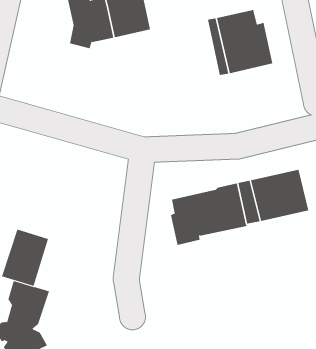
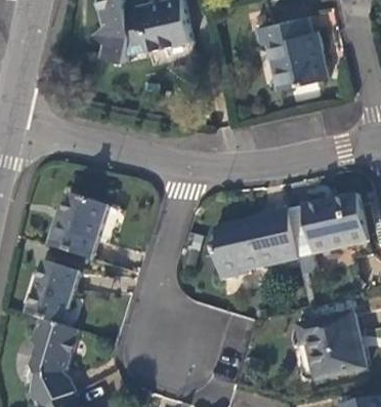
building: none -> [48,194,108,258]
building: none -> [298,314,365,378]

